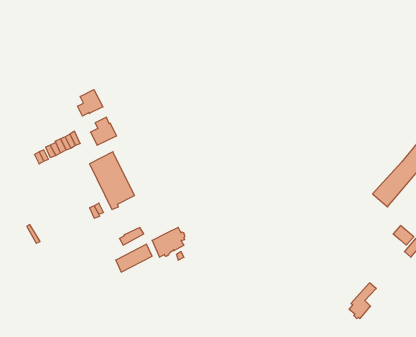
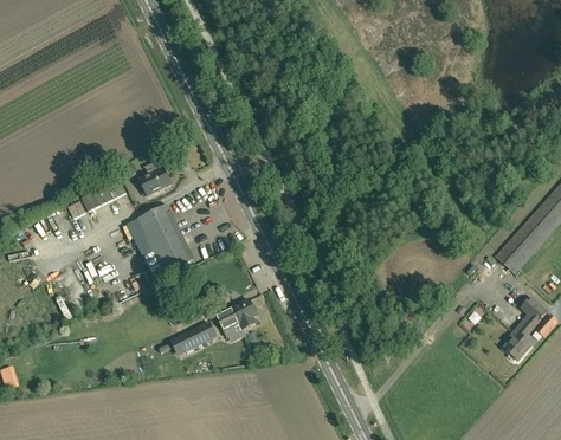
building: [78,90,103,116] -> none
building: [349,283,376,318] -> [503,315,537,360]

